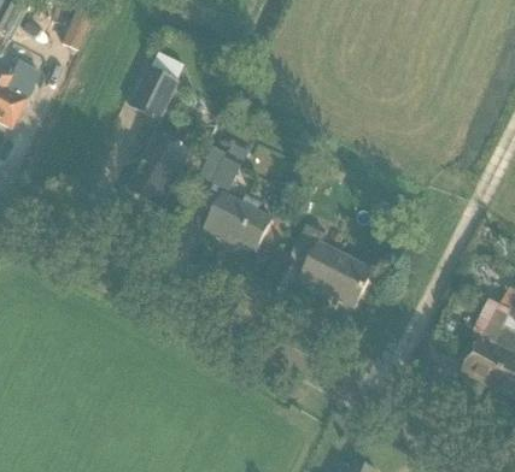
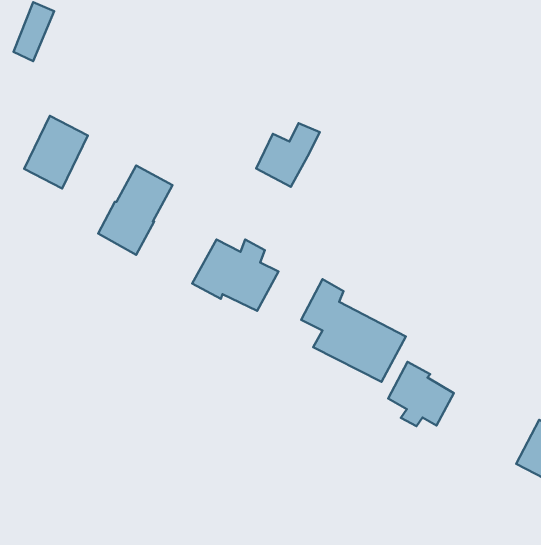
building: [128,63,179,120] -> [24,116,88,189]
building: [199,137,250,188] -> [256,123,320,187]
building: none -> [388,362,454,426]

